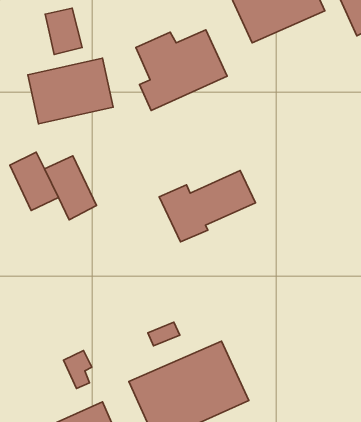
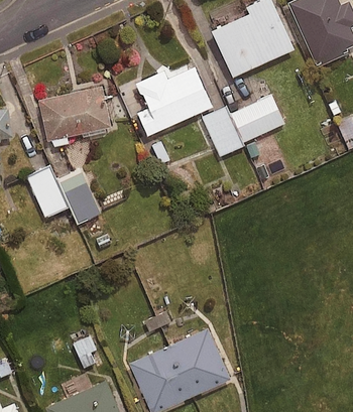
building: [45,8,82,54] -> none
building: [159,171,256,242] -> [201,96,282,156]

